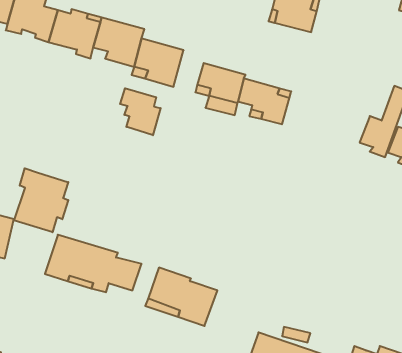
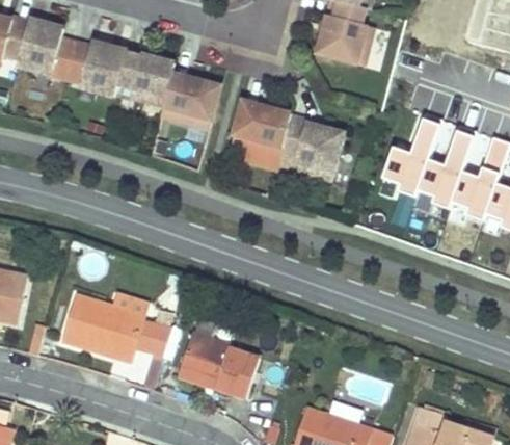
building: none -> [388,114,445,195]
building: [120,88,161,135] -> none
building: [14,168,68,232] -> none

